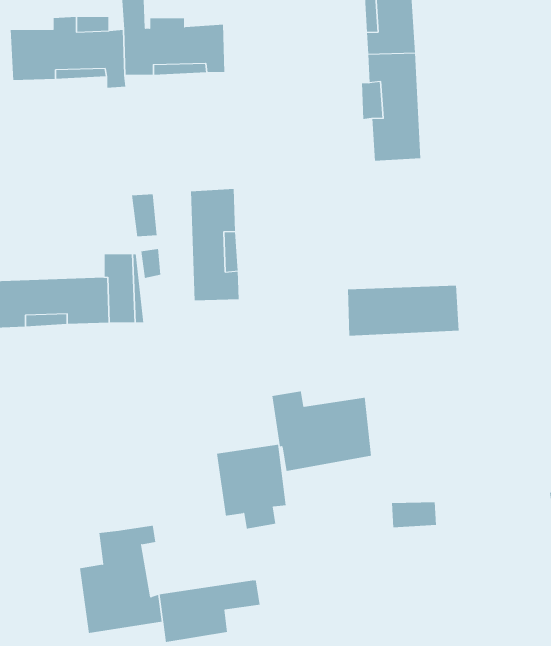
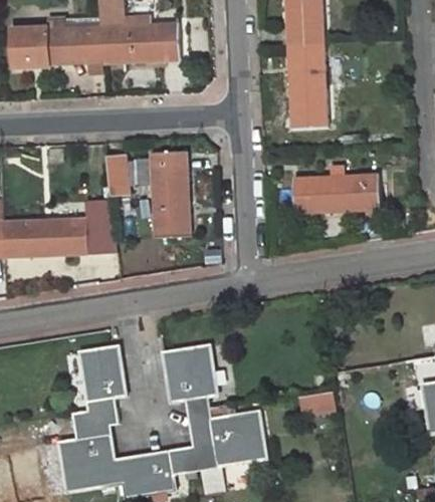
building: [347,285,459,336] -> [292,174,379,213]
building: [271,391,372,472] -> [192,407,269,469]
building: none -> [85,346,130,412]

